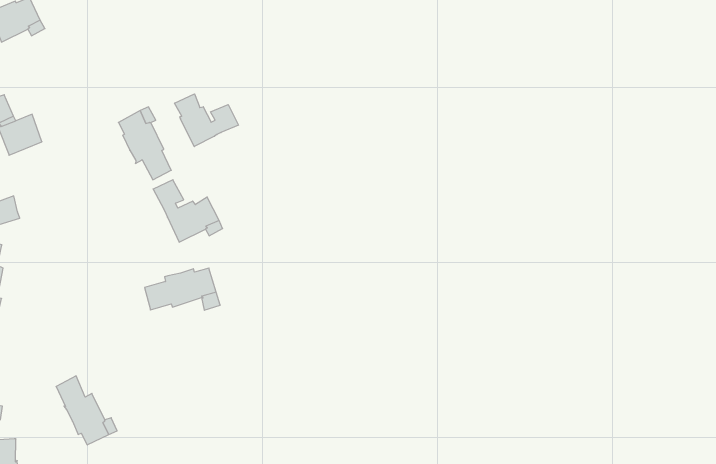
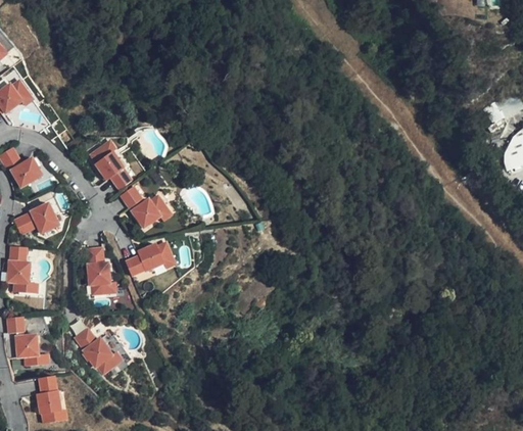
building: [175,94,238,147] -> none
building: none -> [32,203,59,233]
building: none -> [87,247,110,293]

